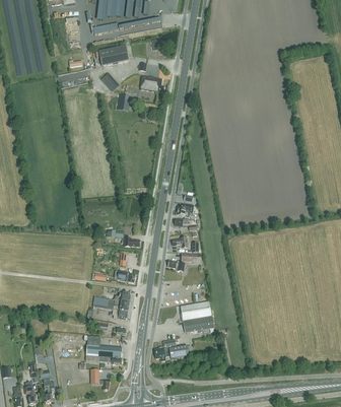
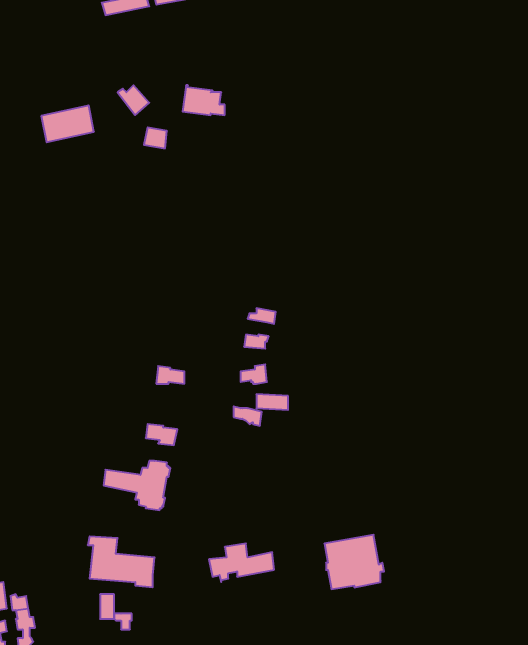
building: [97,45,128,66] -> [41,105,94,142]
building: [181,300,215,332] -> [324,535,384,589]

